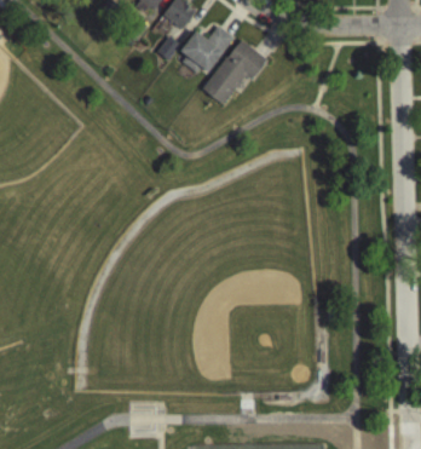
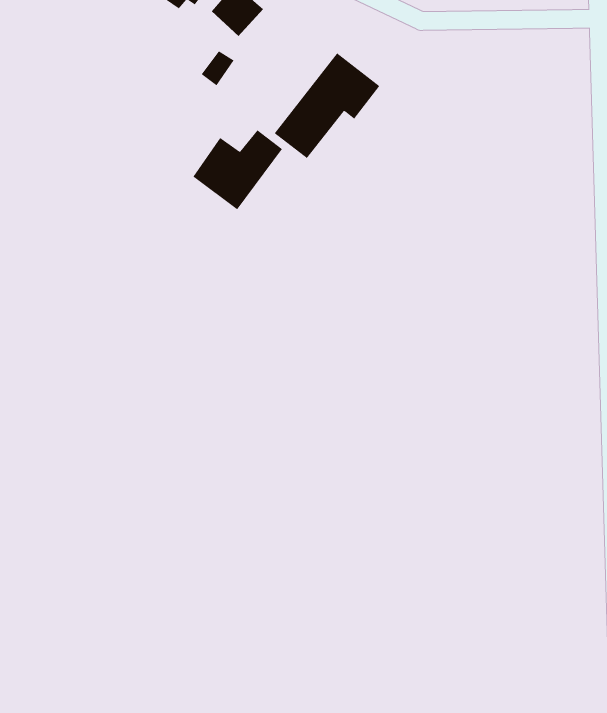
building: [178,25,233,75] -> [192,129,283,210]

